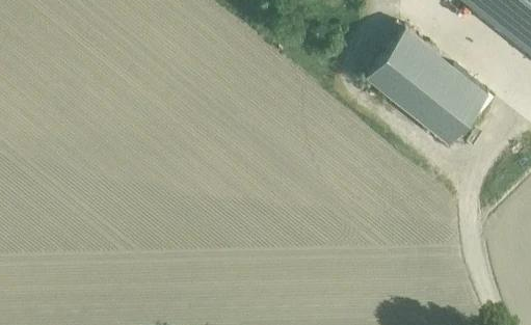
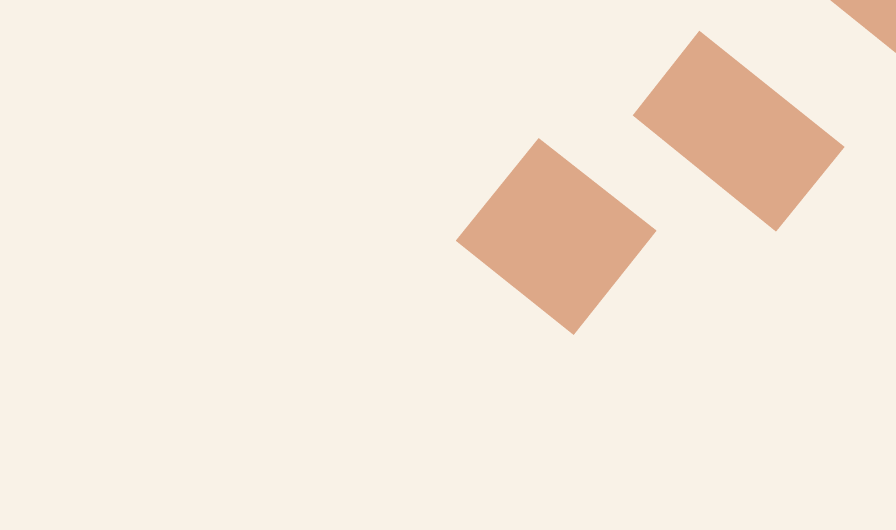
building: none -> [455,137,658,336]

